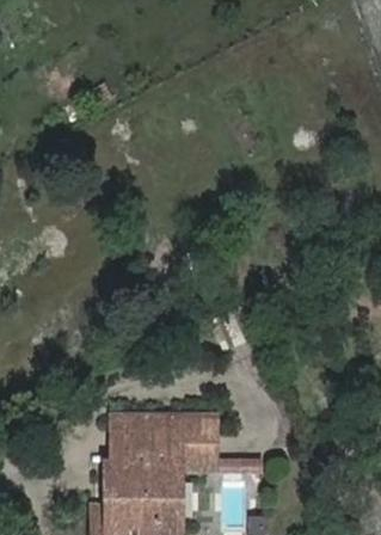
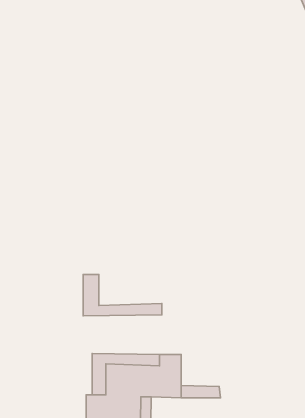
building: none -> [83,275,162,316]

